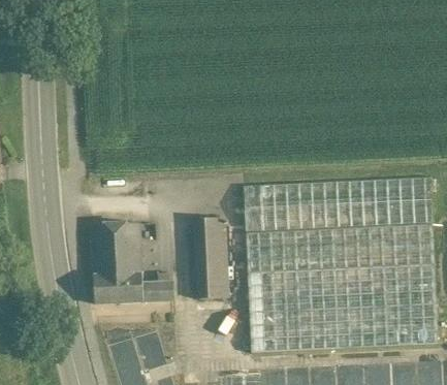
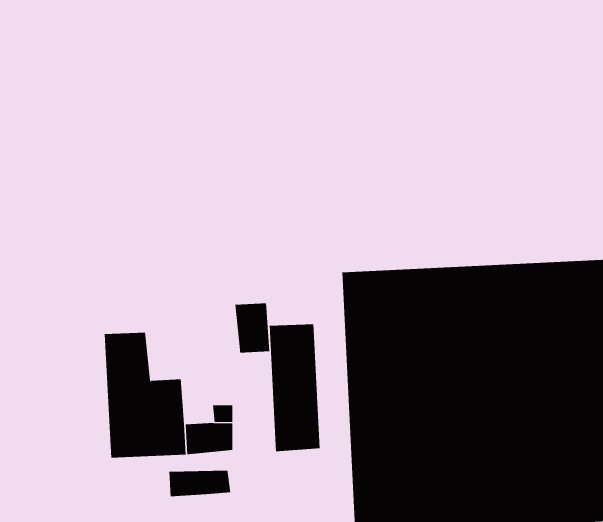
building: [118,222,140,254] -> [235,303,270,353]
building: none -> [169,470,231,497]

